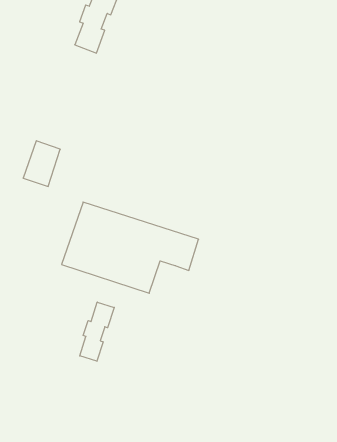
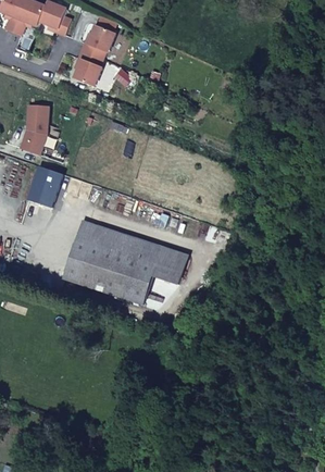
building: none -> [21,104,49,154]
building: [80,302,114,361] -> none

